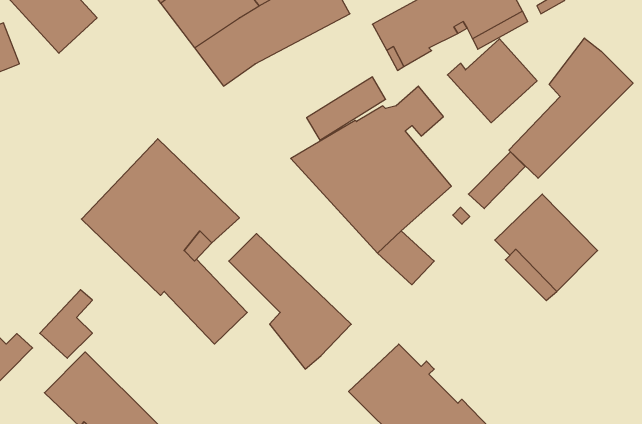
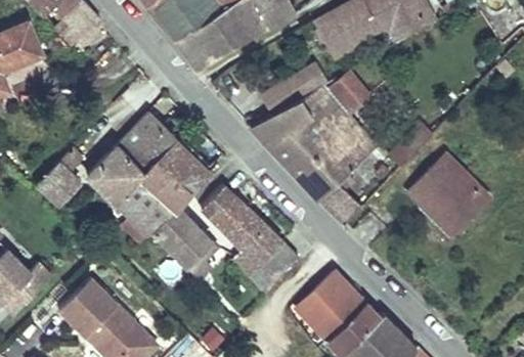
building: [509,38,633,178] -> none
building: [447,39,537,123] -> none
building: [40,290,92,358] -> [38,149,79,203]

